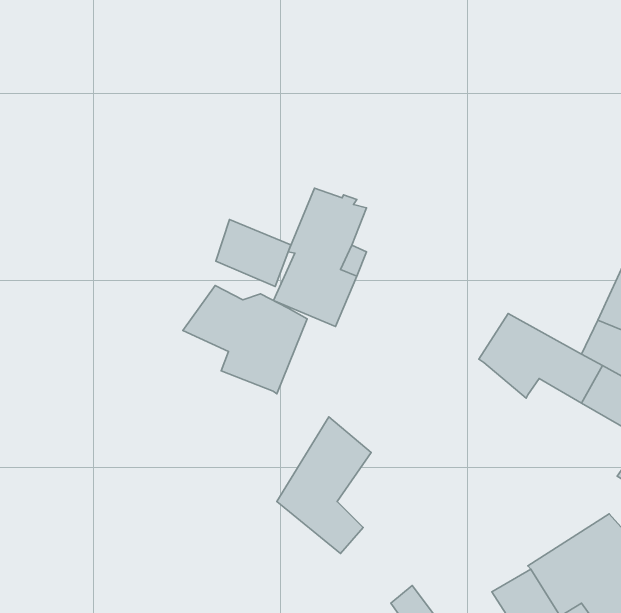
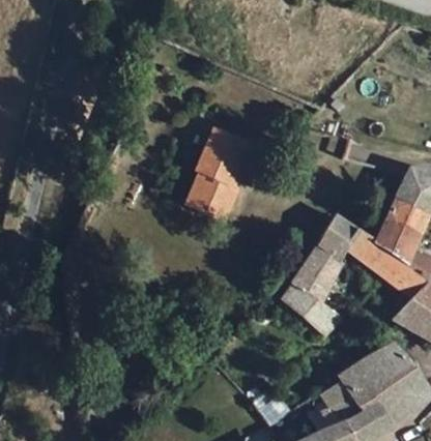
building: [216,220,291,287] -> none
building: [183,286,307,394] -> none
building: [277,417,371,553] -> [281,245,341,332]

